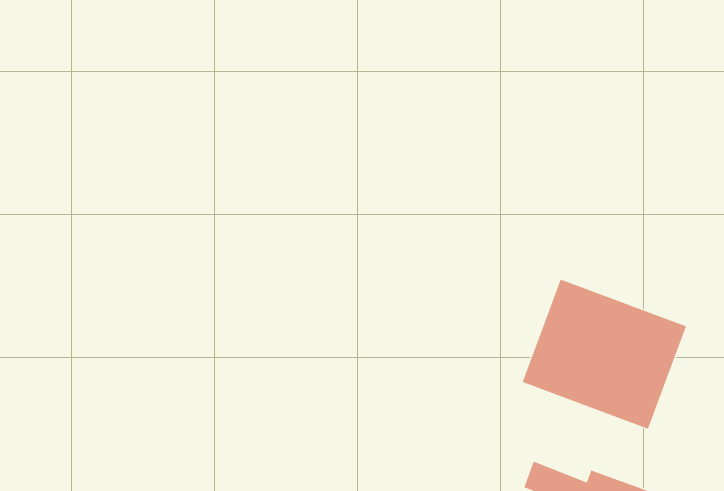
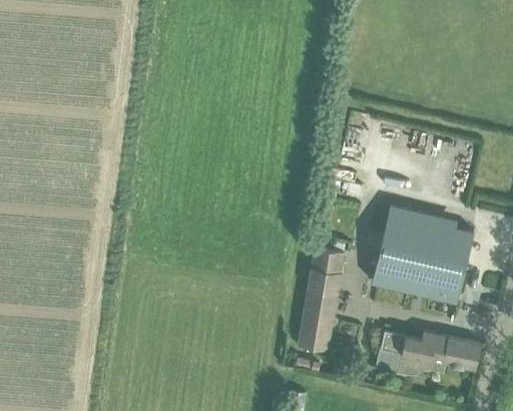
building: none -> [301,249,344,339]

